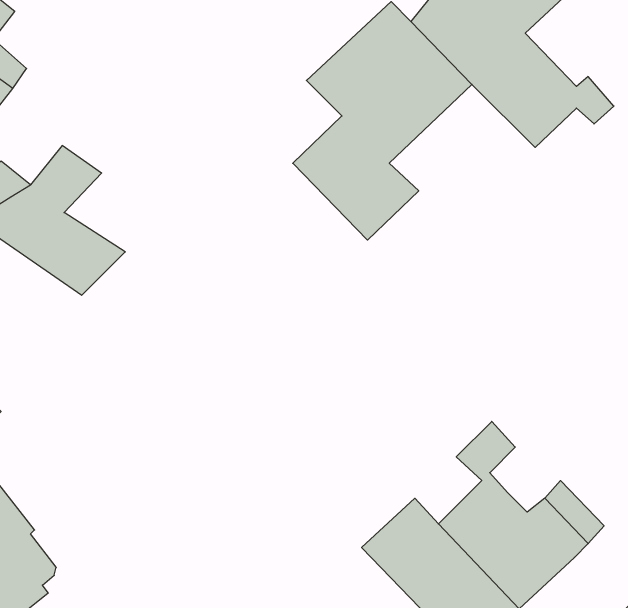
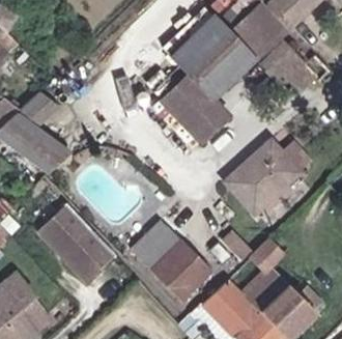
building: none -> [227,142,302,217]
building: none -> [39,203,116,283]
building: none -> [135,224,208,300]

